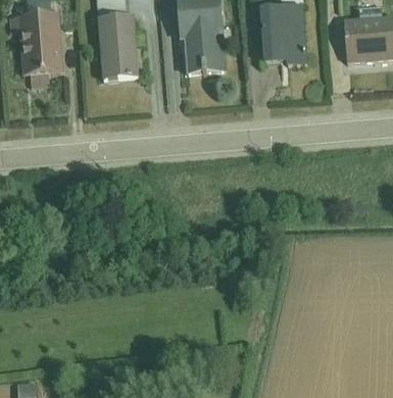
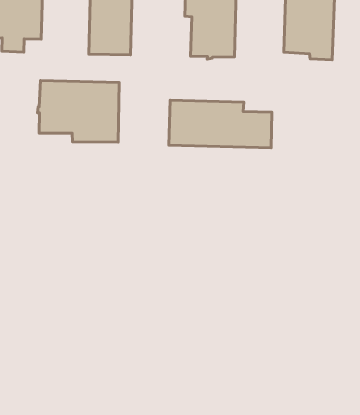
building: none -> [37,81,119,142]
building: none -> [169,100,272,148]

